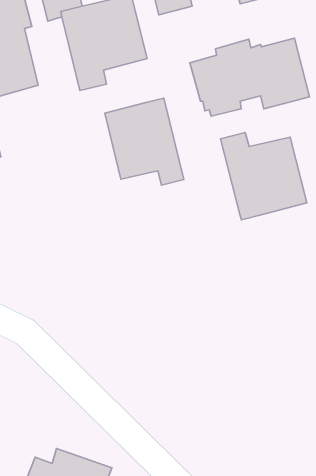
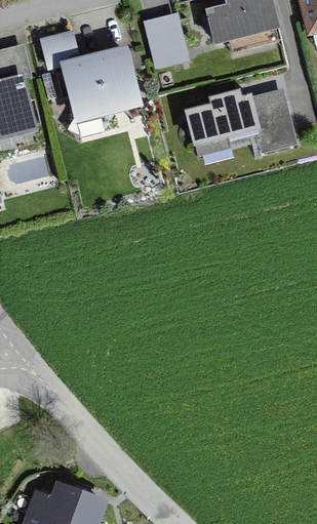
building: [105,98,184,185] -> none
building: [220,132,307,220] -> none

